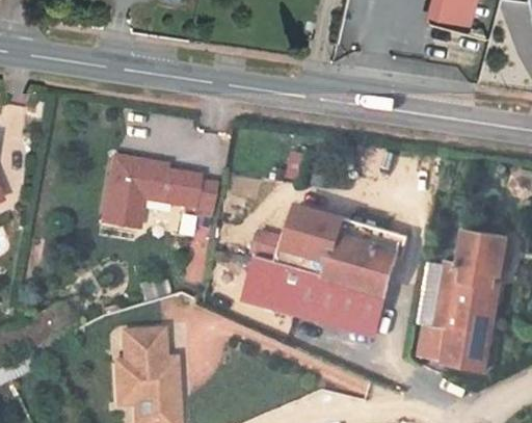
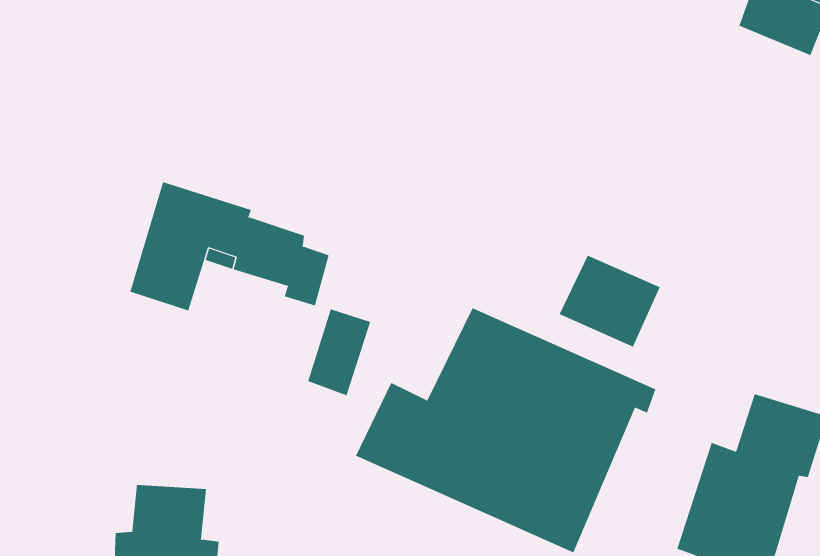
building: none -> [559,255,661,348]
building: none -> [308,308,371,396]

